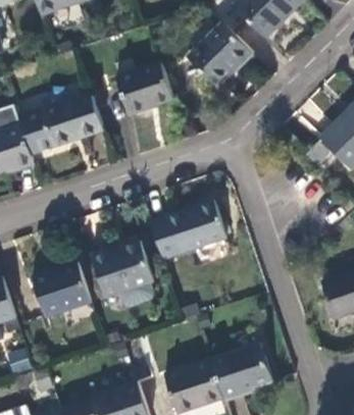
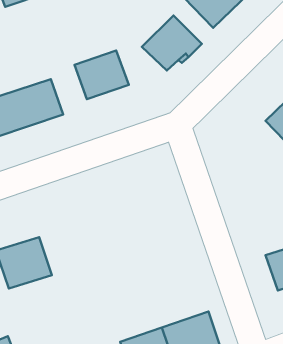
building: [150,200,226,259] -> none
building: [91,242,153,308] -> none

